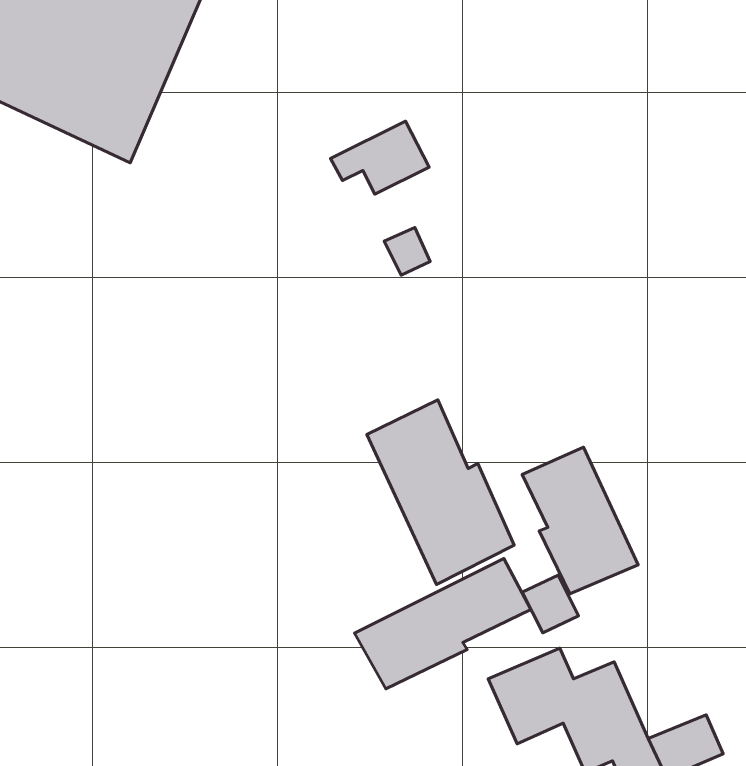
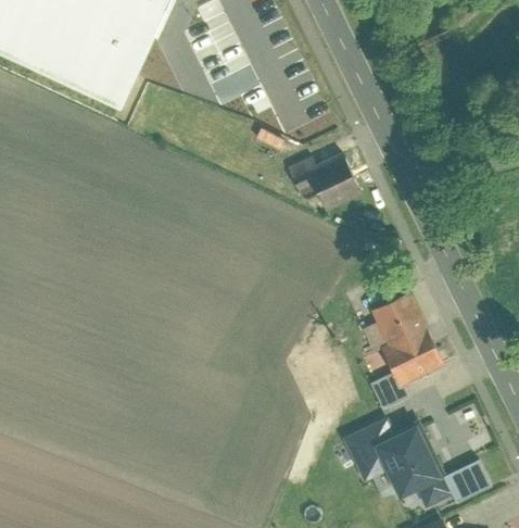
building: [330,121,429,194] -> [294,169,357,216]
building: [367,400,514,585] -> none
building: [354,558,531,689] -> none

